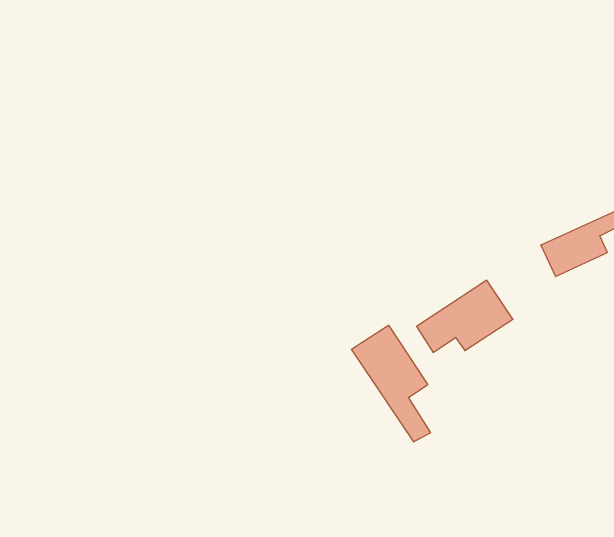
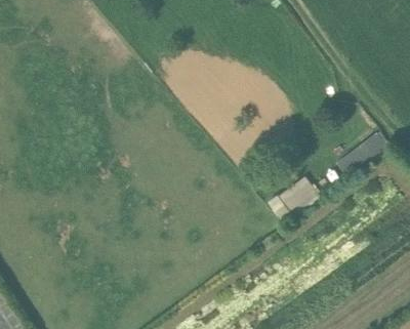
building: [352,325,430,442] -> none

